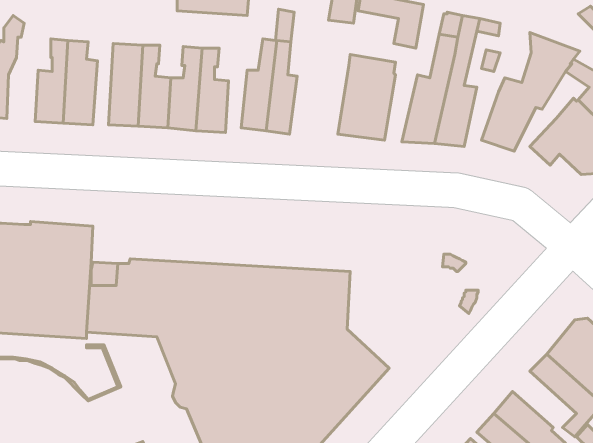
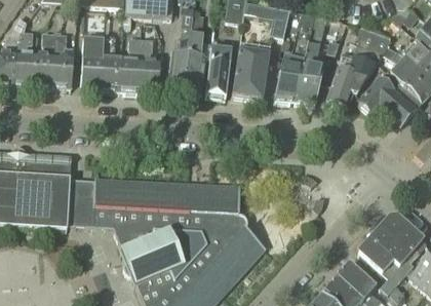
building: none -> [14,31,35,86]
building: none -> [205,41,232,97]

